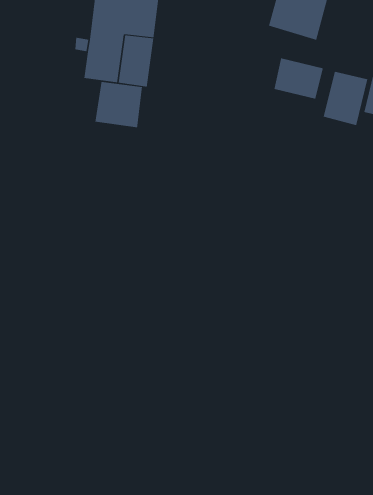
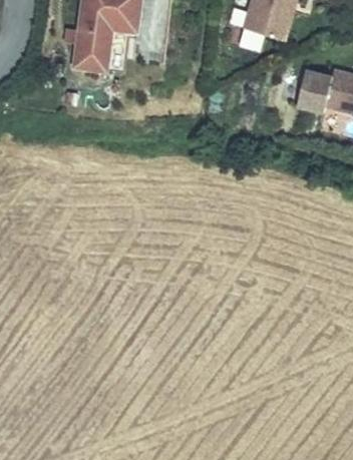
building: [274,57,324,99] -> none
building: [95,81,143,128] -> none

